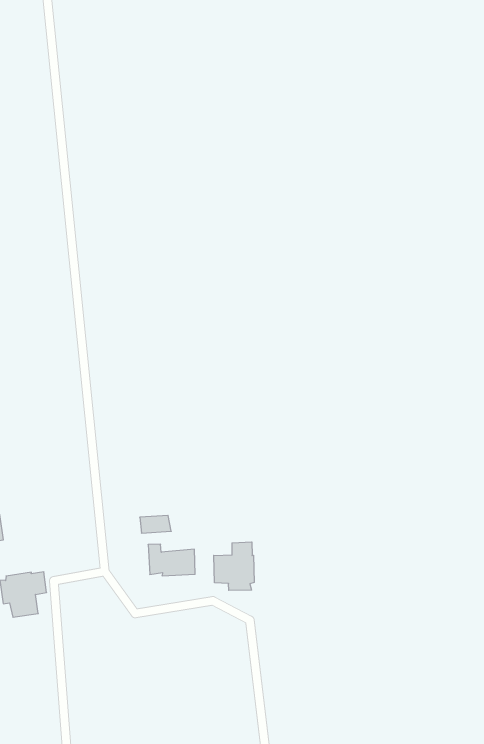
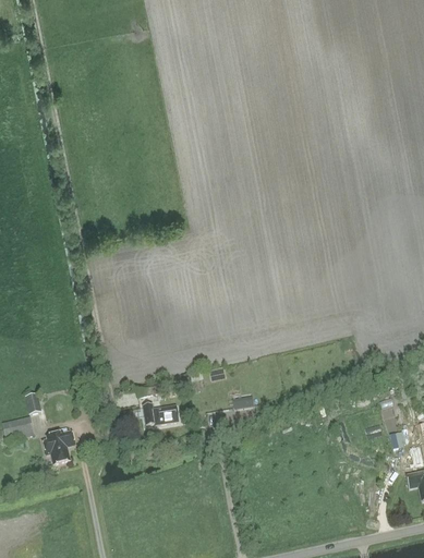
building: [214,542,254,590] -> none

